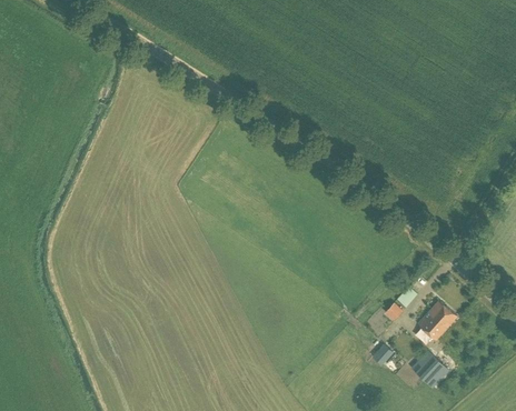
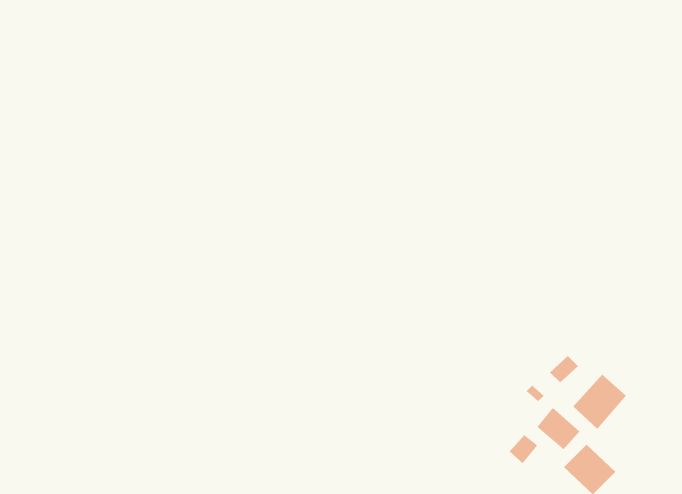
building: none -> [537,407,580,450]

